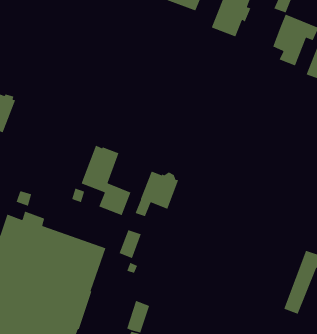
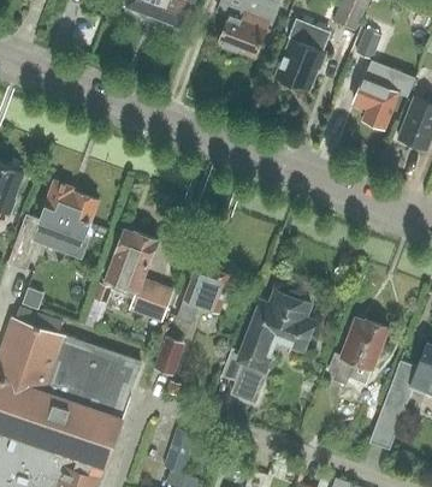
building: none -> [8,180,97,269]
building: none -> [221,290,314,402]
building: none -> [329,317,387,384]

